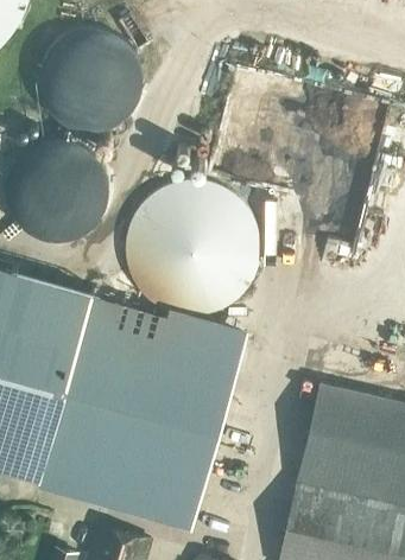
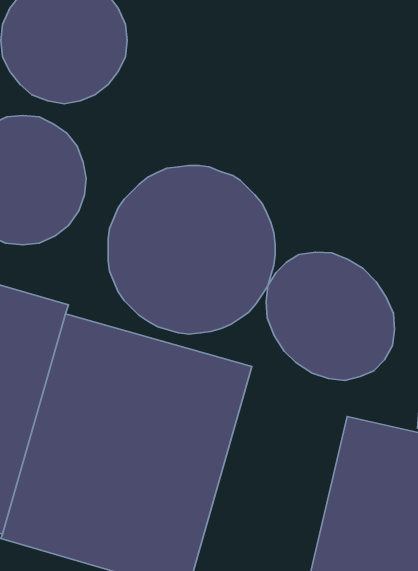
building: none -> [266,252,394,381]

